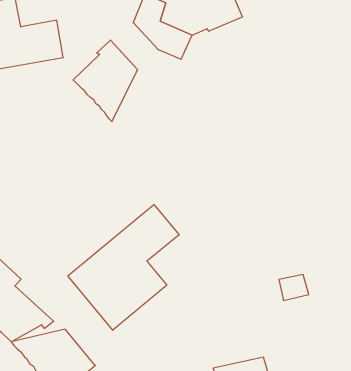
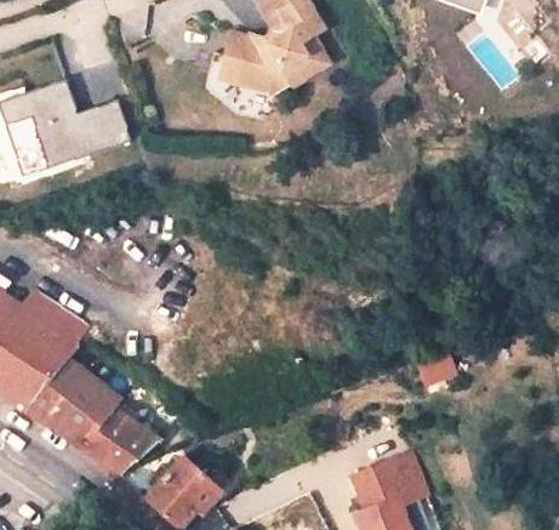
building: [73,40,137,122] -> none
building: [68,205,179,330] -> none

